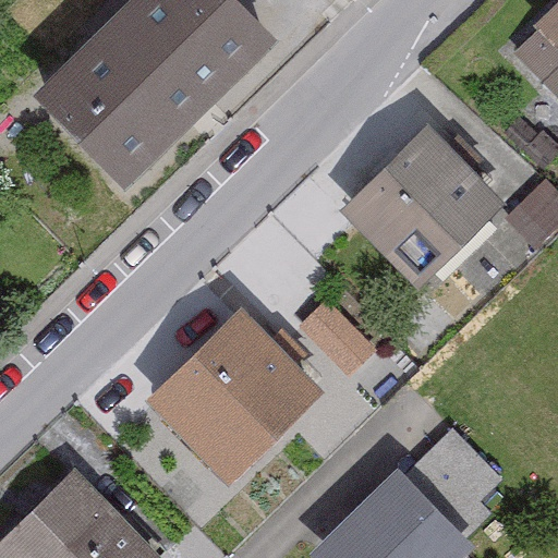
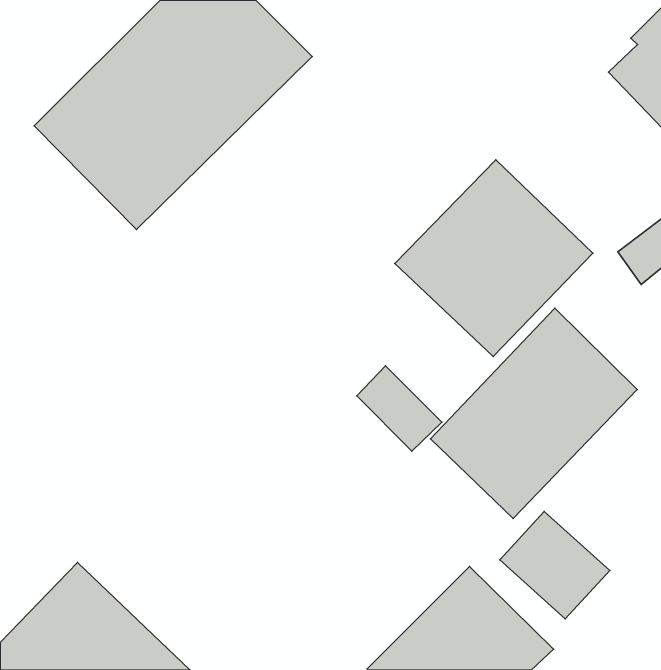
building: none -> [430,308,637,519]
building: [147,304,326,482] -> none

